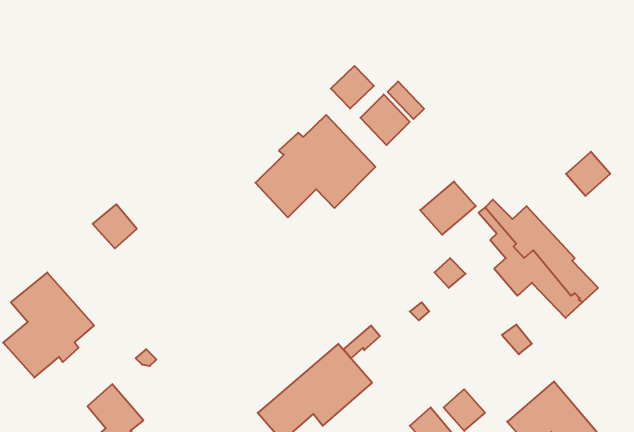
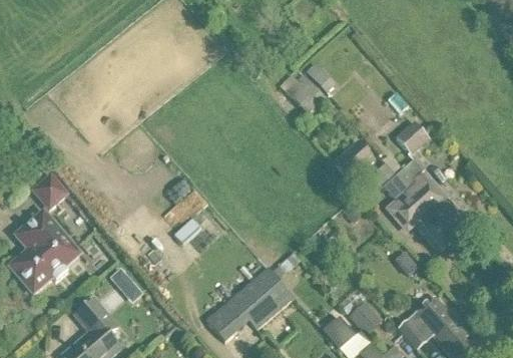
building: [331,66,374,109] -> none
building: [255,115,375,217] -> none
building: [566,152,610,196] -> [396,121,430,155]
building: [93,204,137,248] -> [32,174,66,209]

